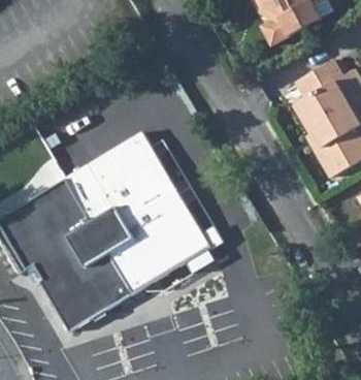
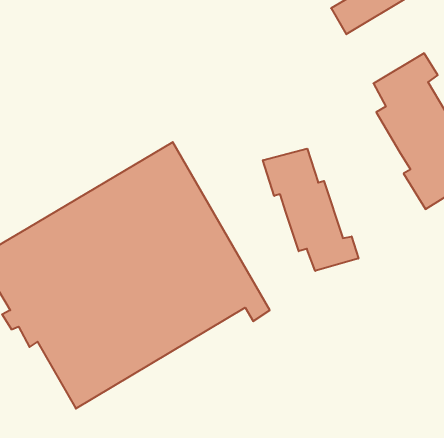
building: none -> [263,149,358,271]

